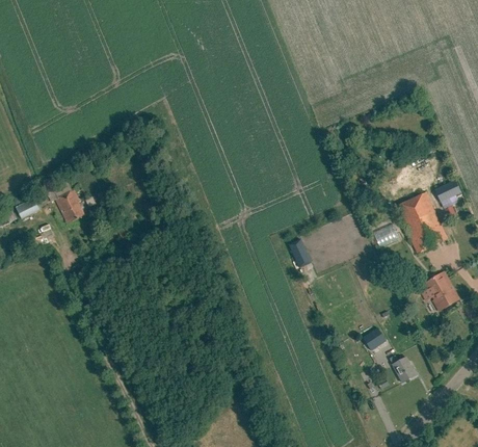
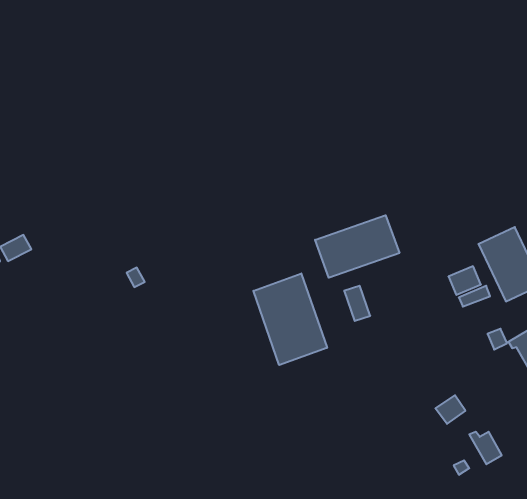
building: none -> [315,215,399,278]
building: [55,191,83,224] -> none
building: none -> [253,273,327,365]

